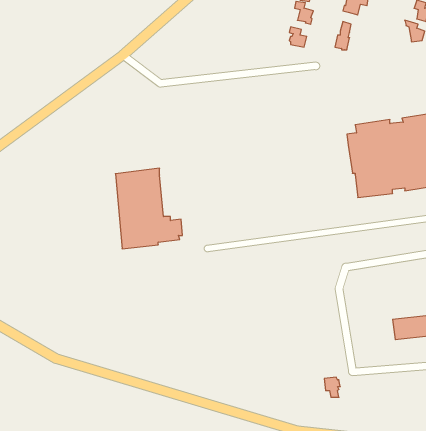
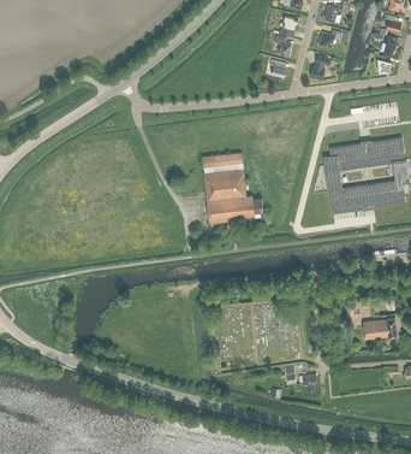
building: [115,168,182,249] -> [202,152,262,224]

